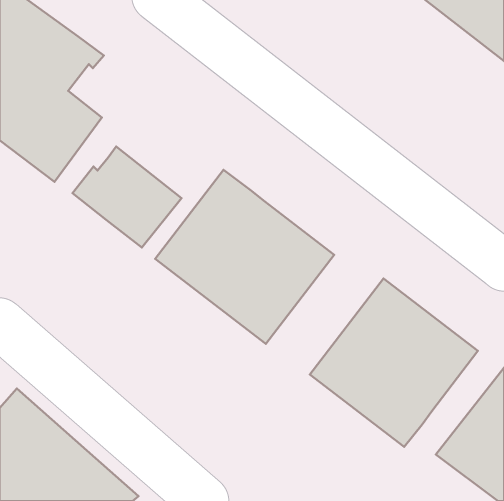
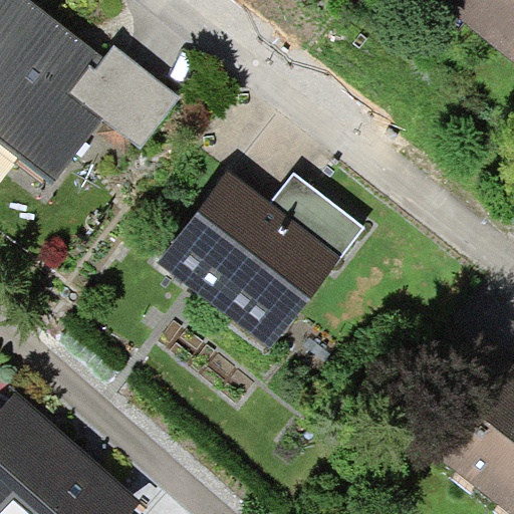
building: [73,147,181,247] -> [69,45,180,148]
building: none -> [269,173,363,259]
building: [310,279,478,447] -> none

